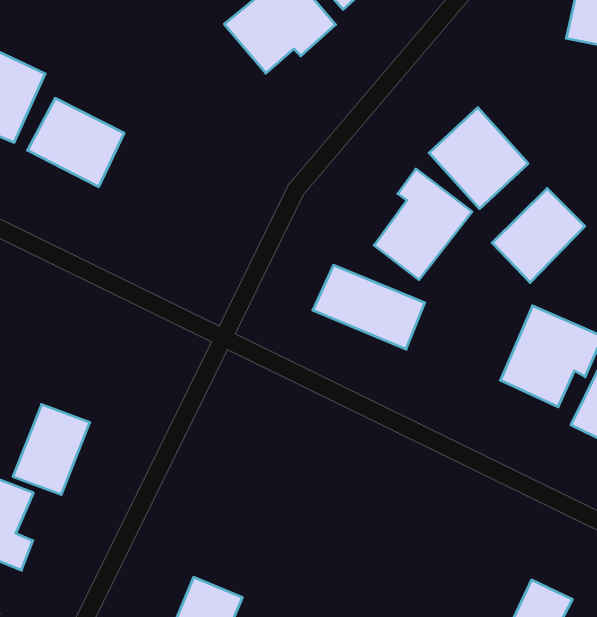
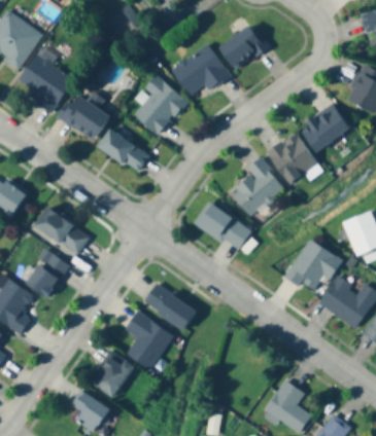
building: none -> [134,76,187,136]
building: none -> [97,129,150,173]
building: [492,188,585,283] -> [300,105,349,152]
building: none -> [33,207,91,253]
building: none -> [143,284,197,331]
building: none -> [125,312,173,371]

